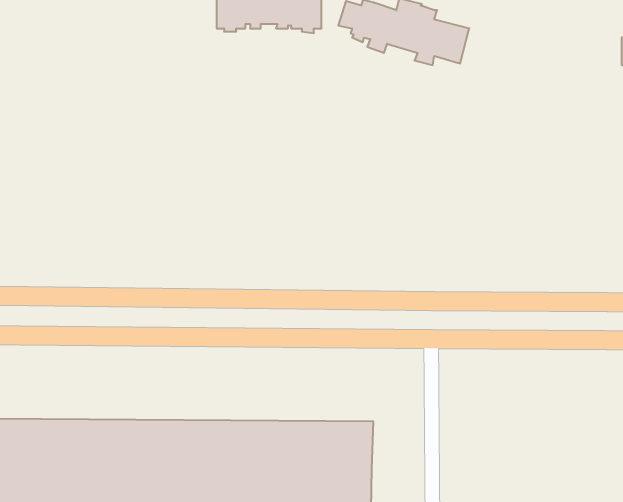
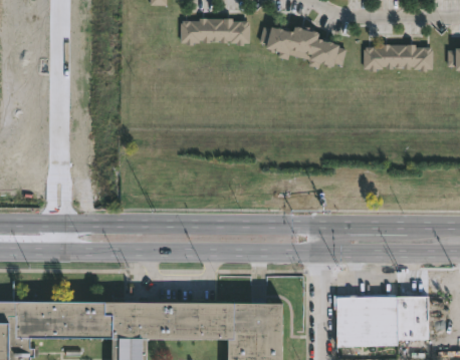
building: none -> [363,44,432,72]
building: none -> [334,296,428,346]

